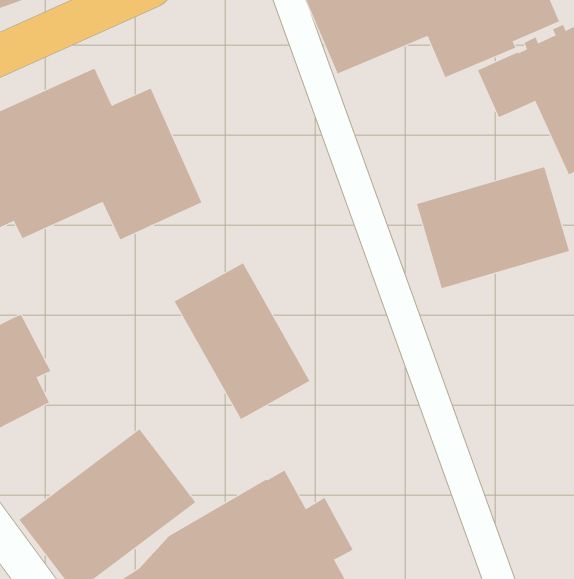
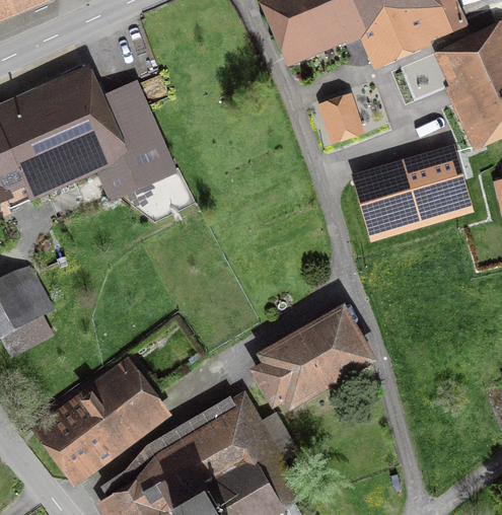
building: none -> [317,91,365,143]
building: [174,262,310,420] -> none
building: none -> [249,304,378,414]

